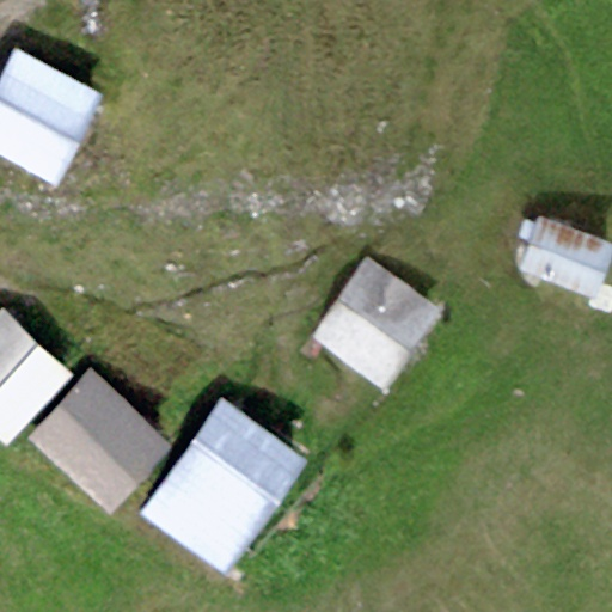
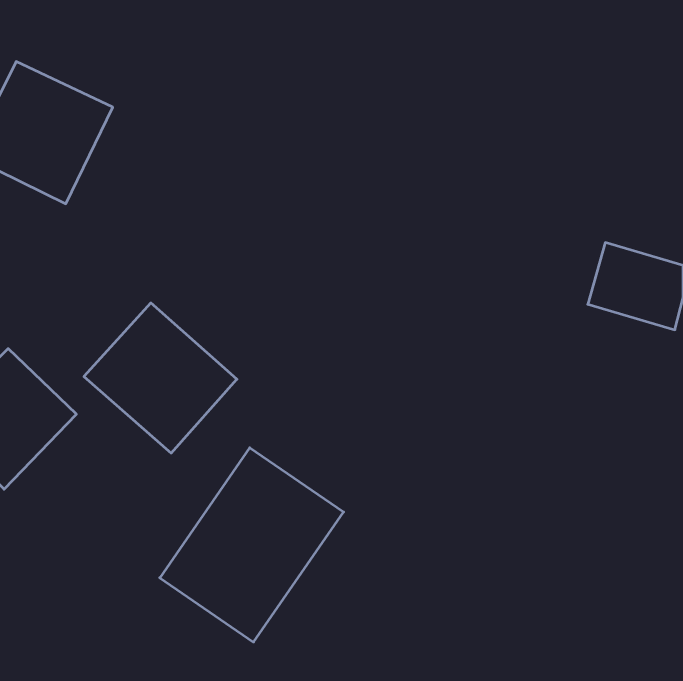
building: [313,263,436,390] -> none
building: [33,374,170,508] -> [84,303,237,453]

